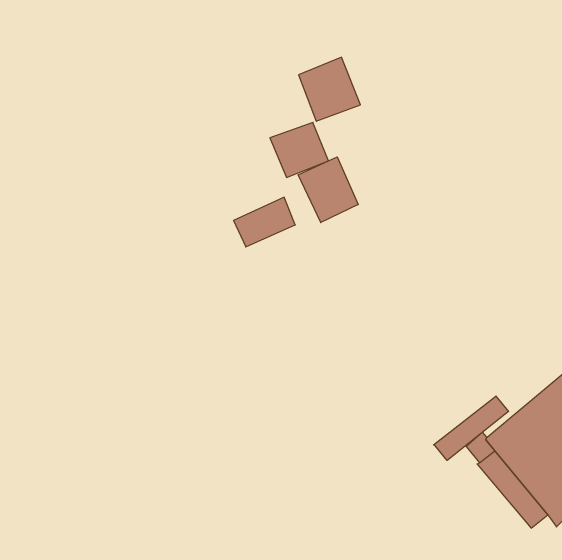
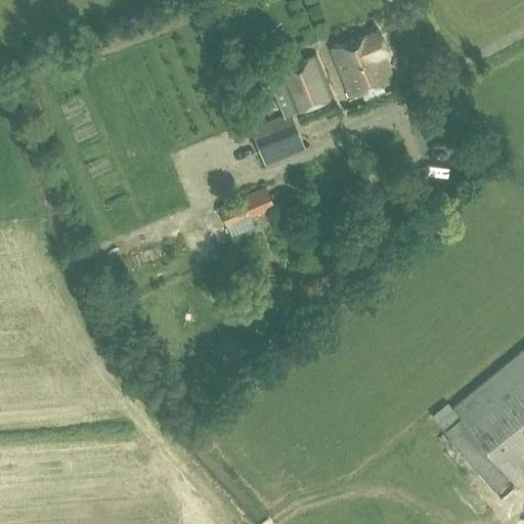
building: none -> [332,33,395,100]
building: [298,157,358,223] -> none
building: [434,396,509,460] -> none

